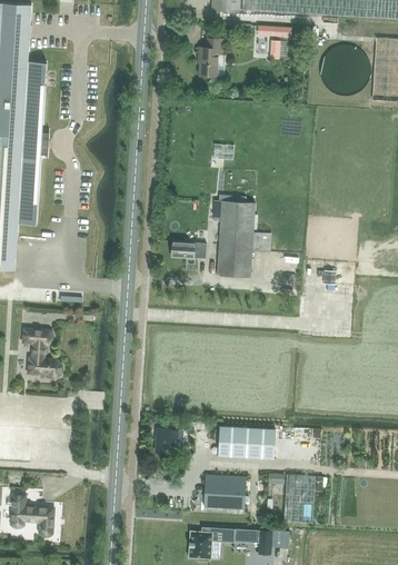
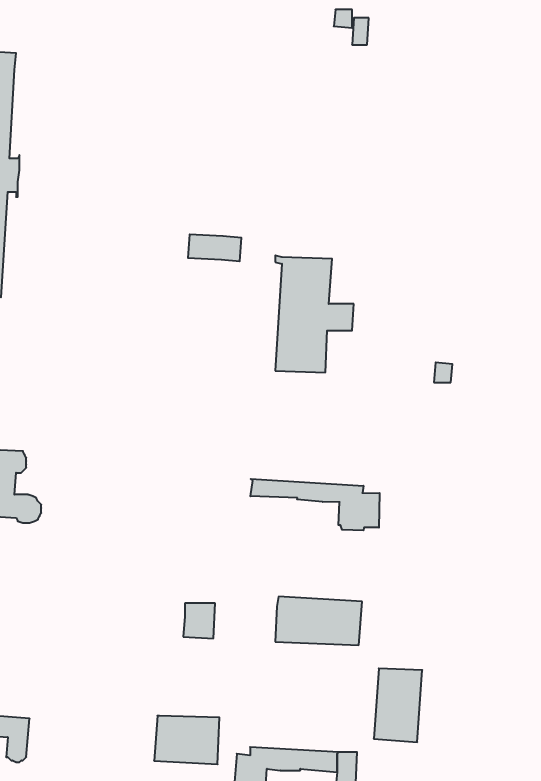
building: [196,38,223,77] -> none
building: [170,240,206,258] -> [188,234,241,261]
building: none -> [250,479,380,530]
building: [202,474,246,506] -> [154,716,219,764]

